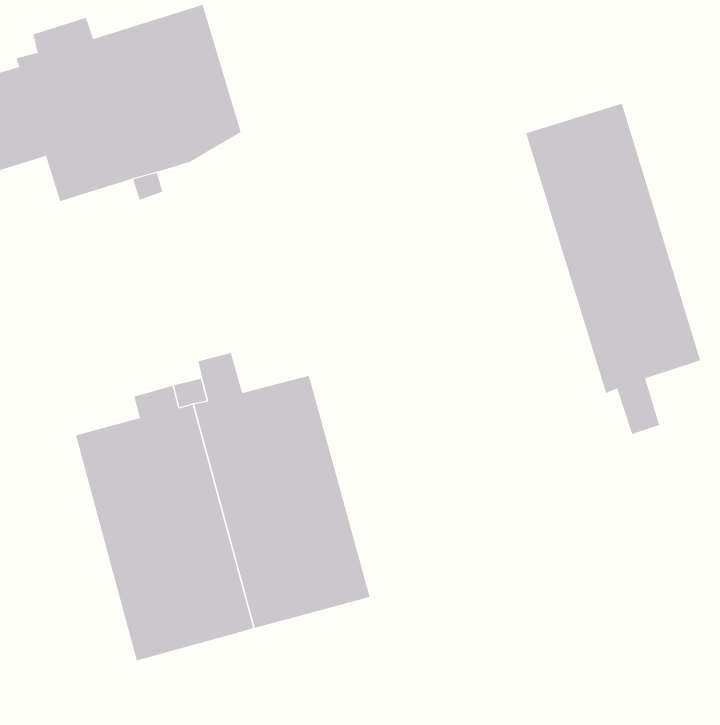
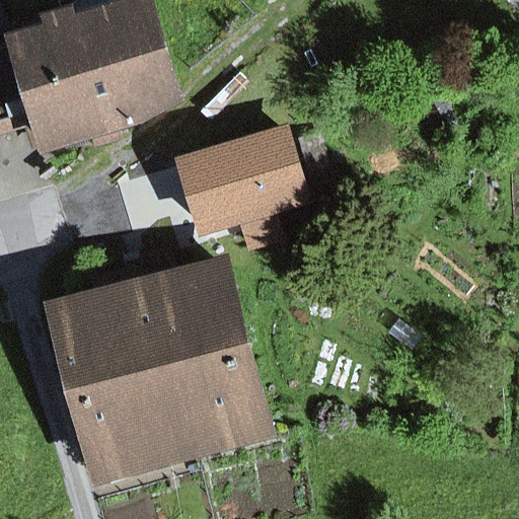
building: [526,103,701,435] -> none
building: none -> [192,135,303,249]

